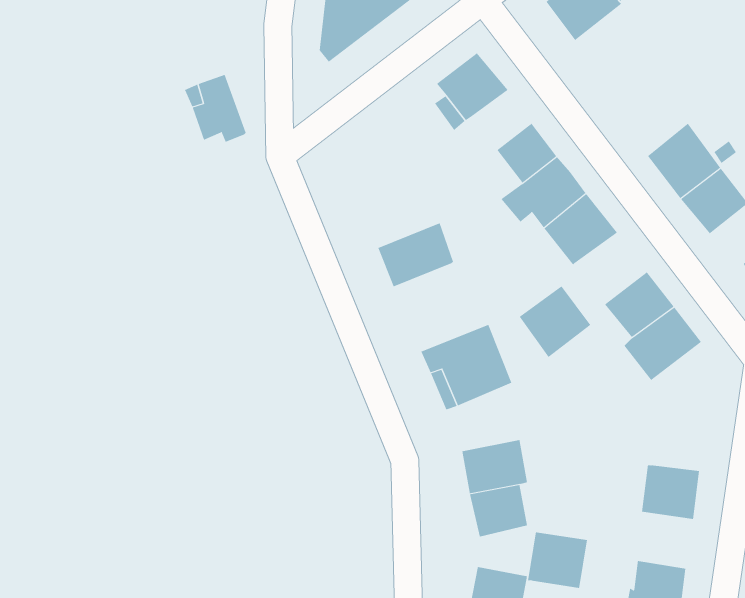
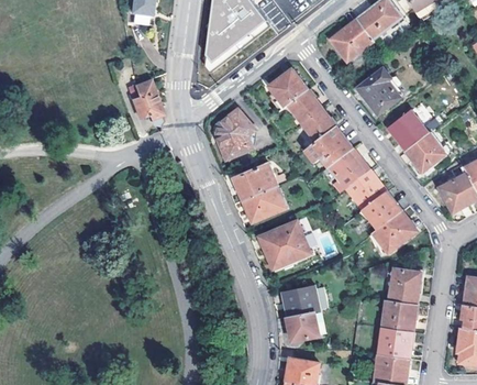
building: none -> [357,67,400,114]
building: none -> [288,89,322,123]
building: none -> [215,108,253,157]
building: none -> [244,187,286,221]
building: [519,286,591,358] -> [346,169,387,210]
building: none -> [389,267,421,304]
building: [527,532,588,589] -> [379,327,413,359]

